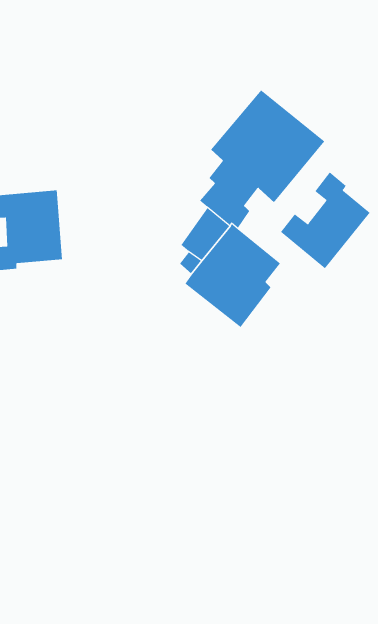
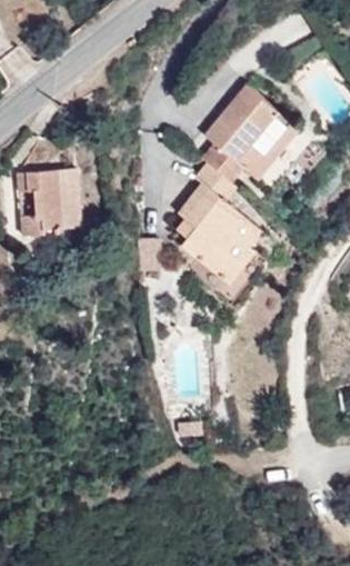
building: [280,172,370,269] -> none

